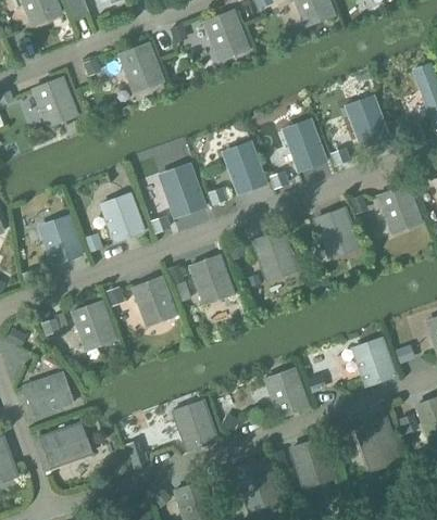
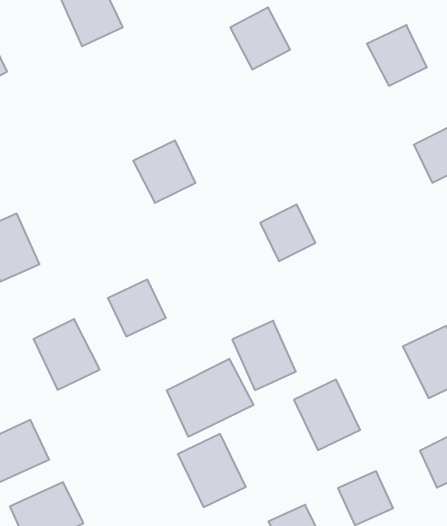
building: [285,127,328,173] -> [230,7,290,69]
building: [225,150,269,194] -> none
building: [102,202,143,242] -> none
building: [312,206,357,250] -> none
building: [189,254,235,305] -> [232,321,296,390]
building: none -> [167,359,253,437]

